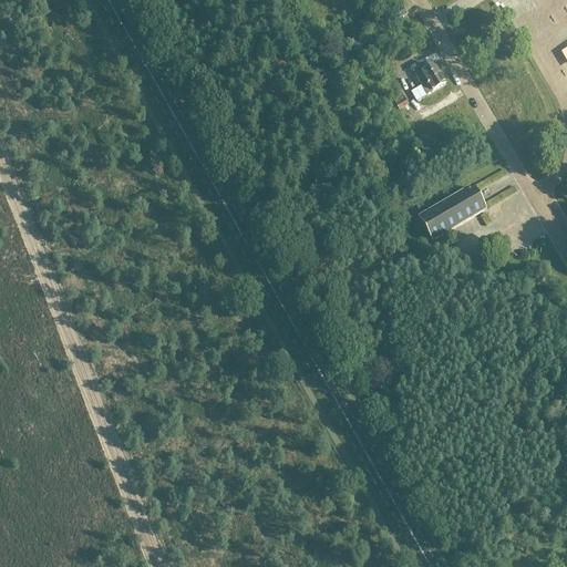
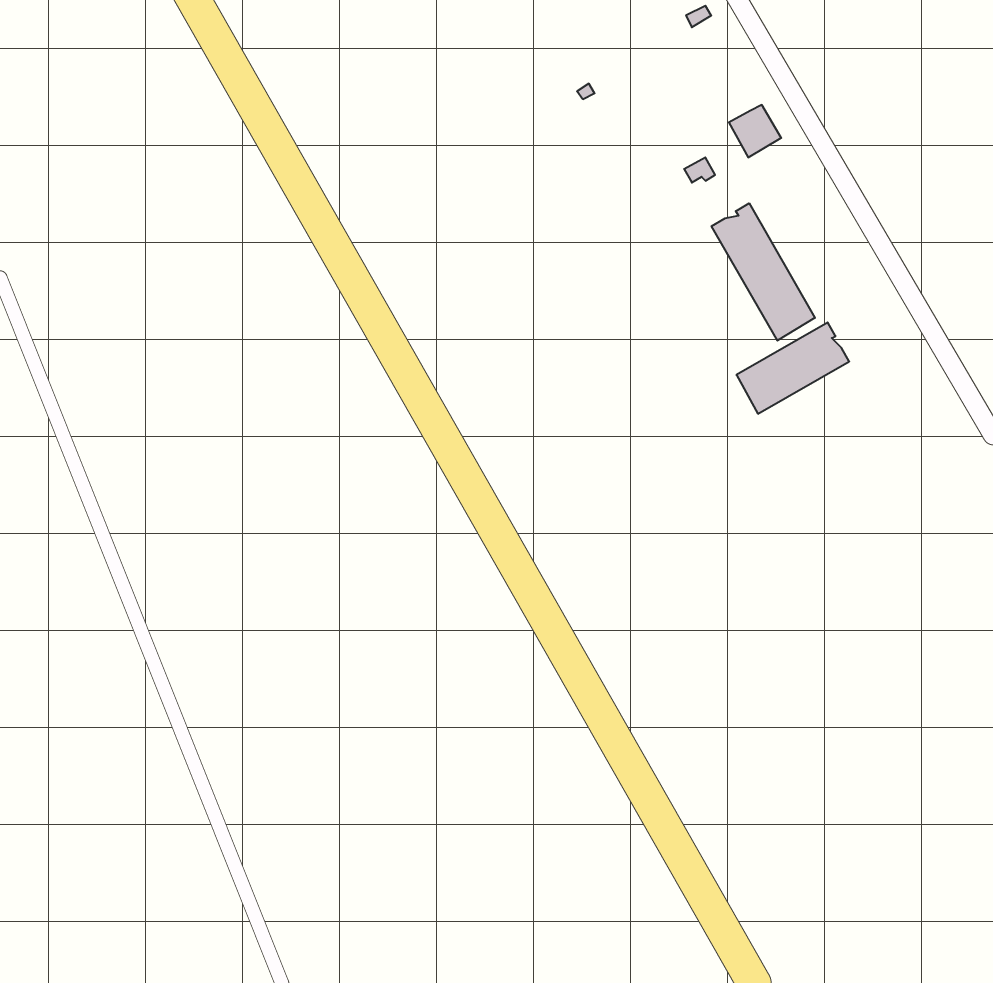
building: none -> [712,203,815,341]

